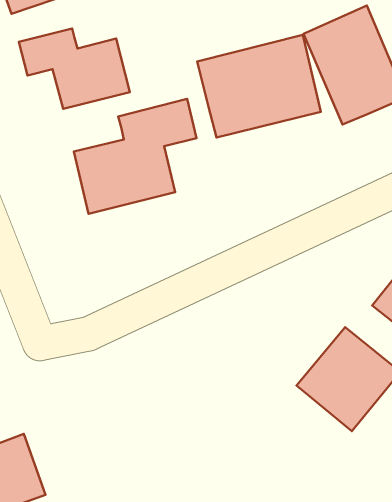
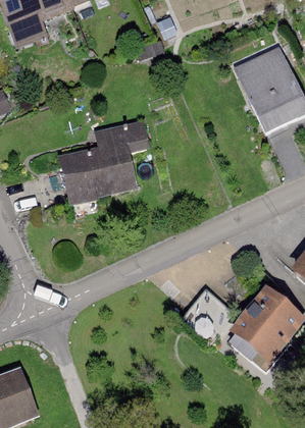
building: [19,29,130,109] -> none
building: [197,35,321,138] -> none

